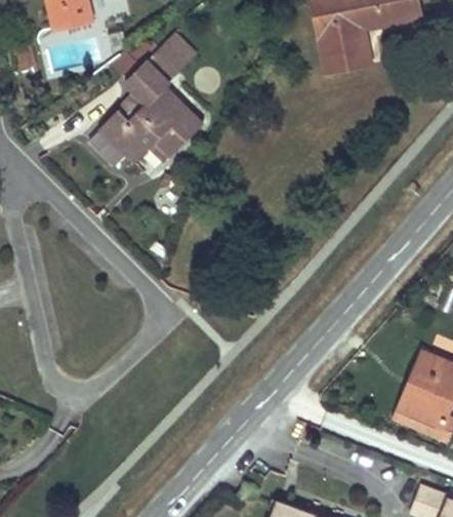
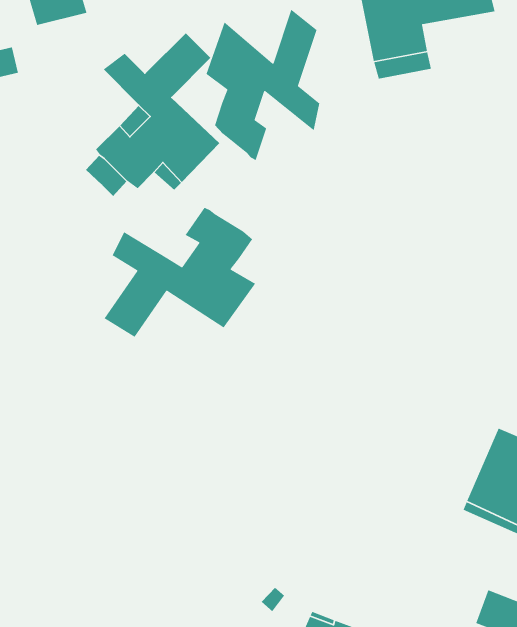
building: none -> [206,8,320,161]
building: none -> [104,207,256,338]

